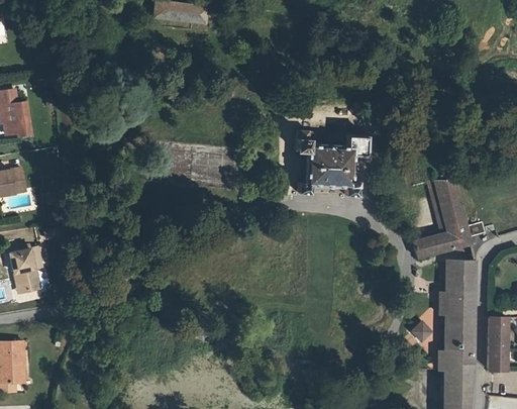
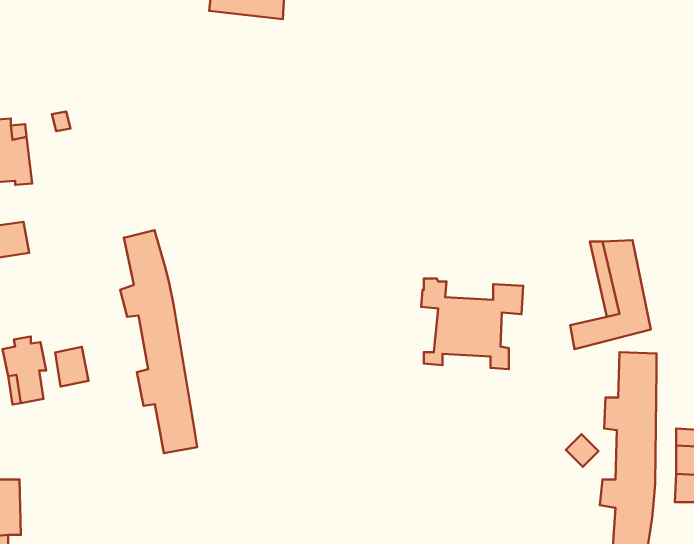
building: [296,129,369,194] -> [421,279,523,369]
building: none -> [120,230,197,453]
building: none -> [55,347,89,387]

